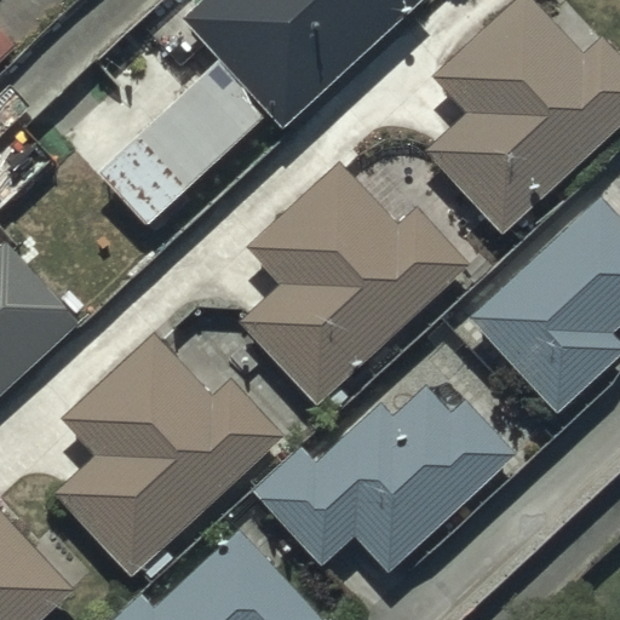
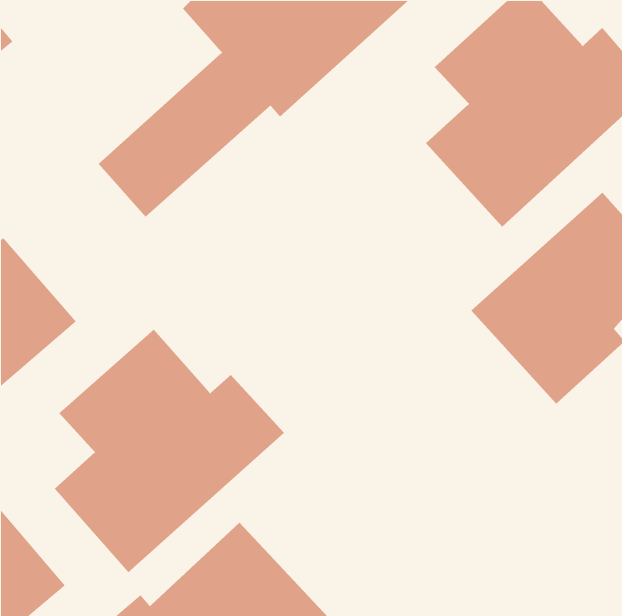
building: [240,161,469,404] -> none
building: [253,385,512,567] -> none

